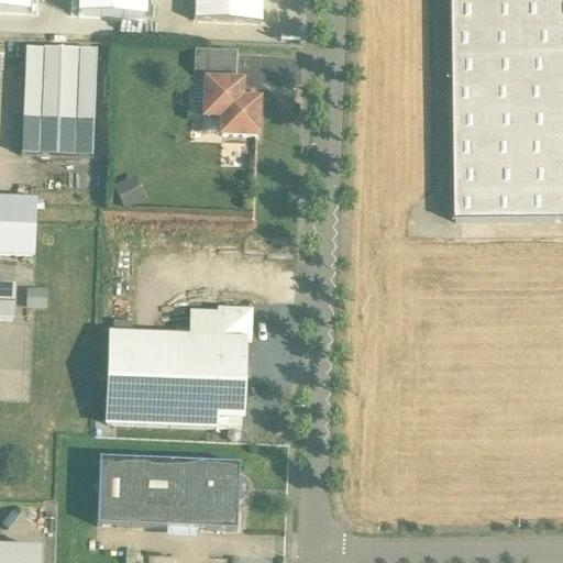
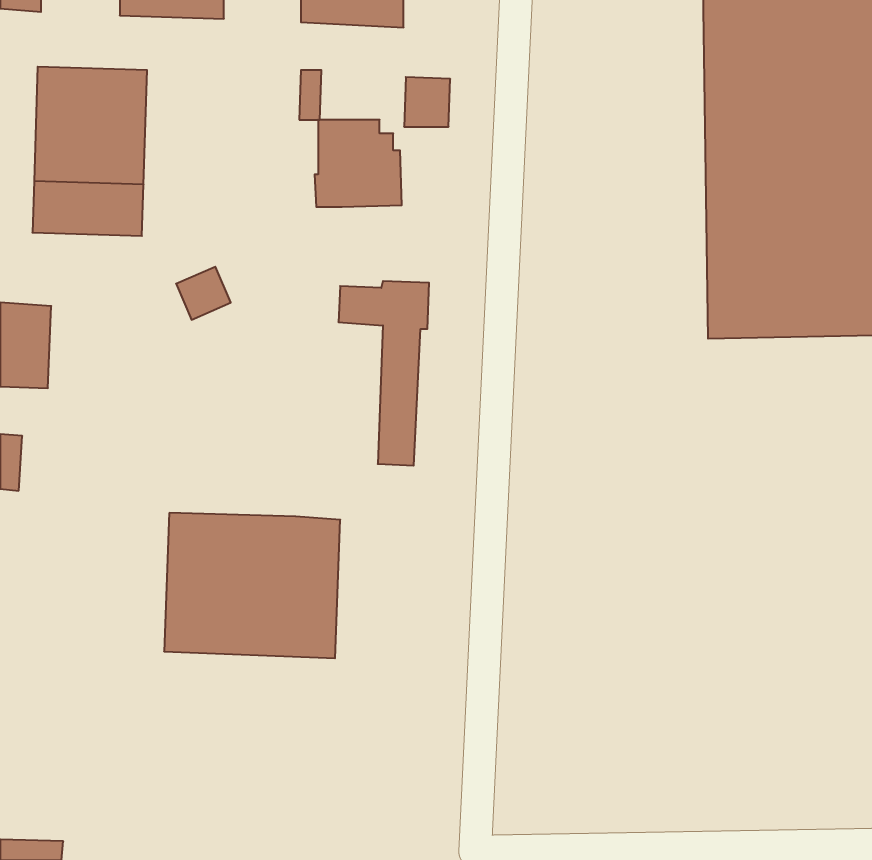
building: [207,45,236,77] -> [404,77,450,127]
building: [191,306,250,424] -> [338,281,429,466]
building: [97,454,245,526] -> none

